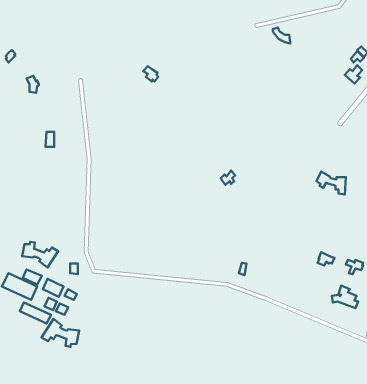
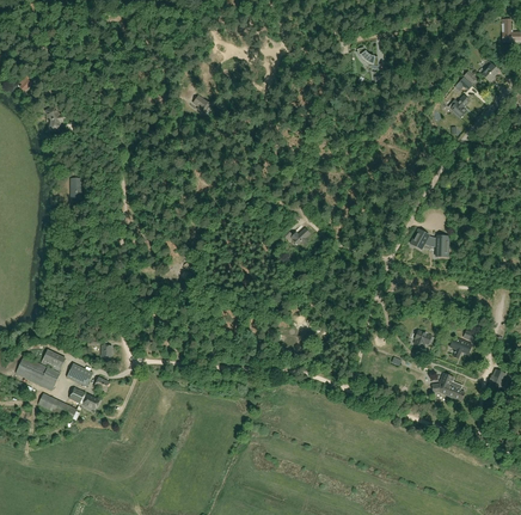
building: [22,242,58,268] -> none
building: [41,319,79,347] -> none

